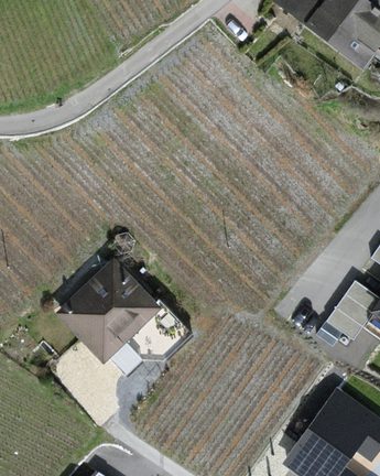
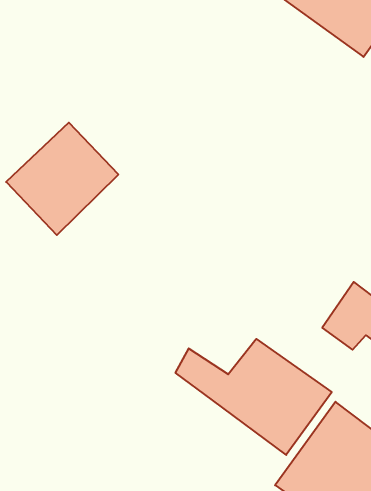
building: [56,259,159,361] -> [6,123,118,235]
building: none -> [176,339,332,455]

